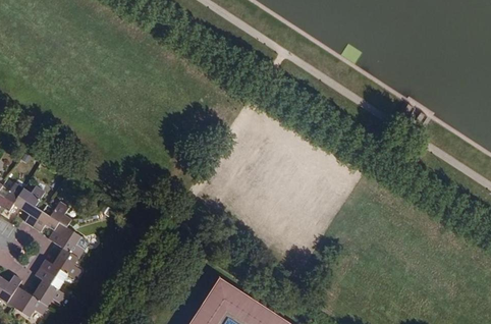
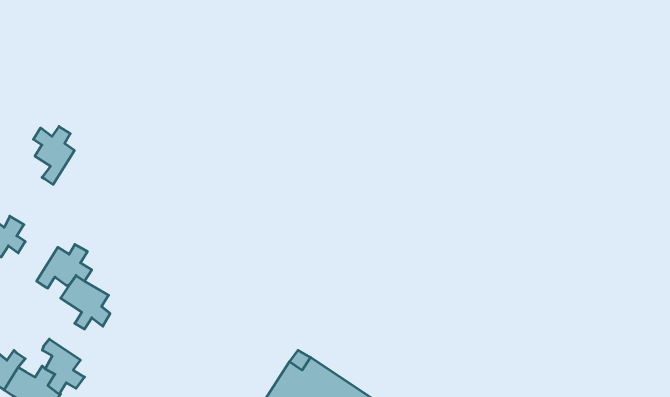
building: [16,185,46,227] -> [33,126,74,184]
building: [40,254,80,284] -> none

